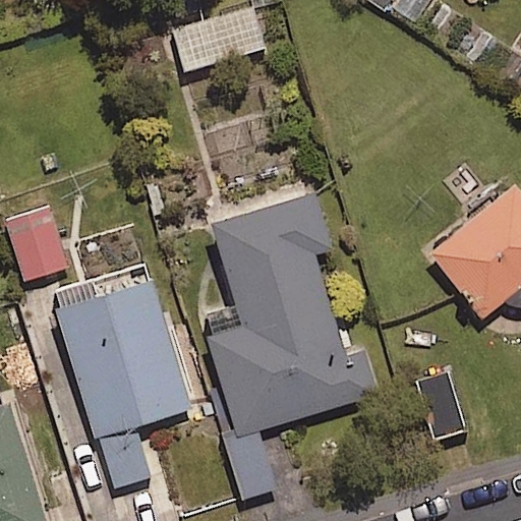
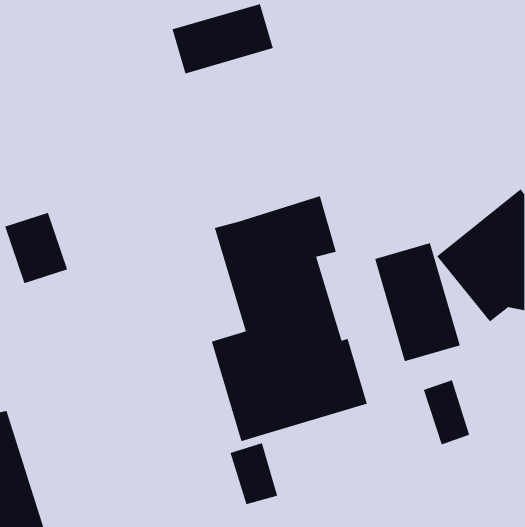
building: none -> [374,242,461,362]
building: [52,265,190,488] -> none

